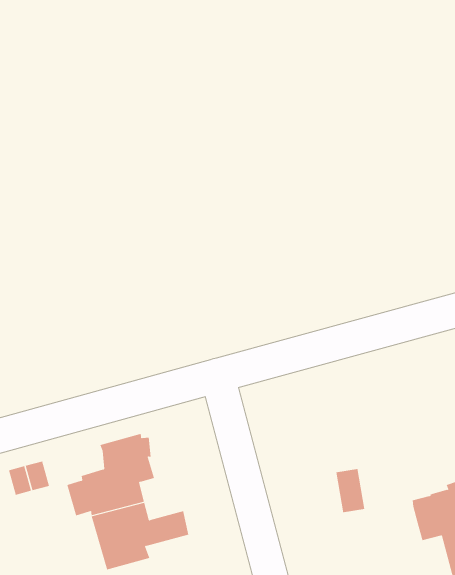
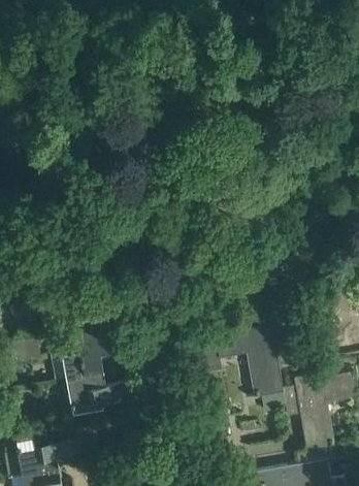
building: none -> [204,320,286,409]

